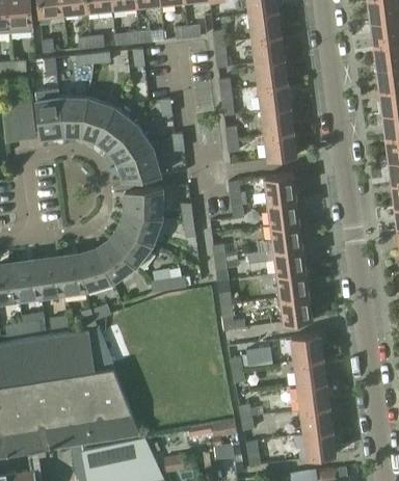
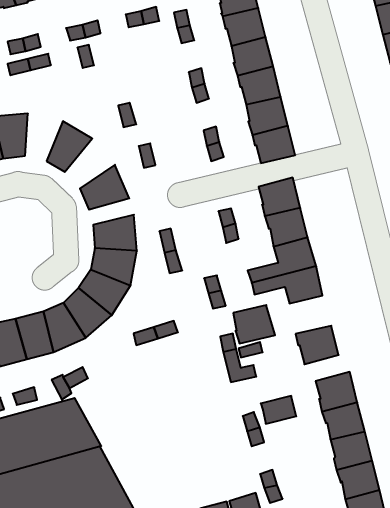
building: [81,99,114,138] -> none
building: [111,125,152,163] -> none
building: [277,271,309,299] -> [233,305,275,343]

